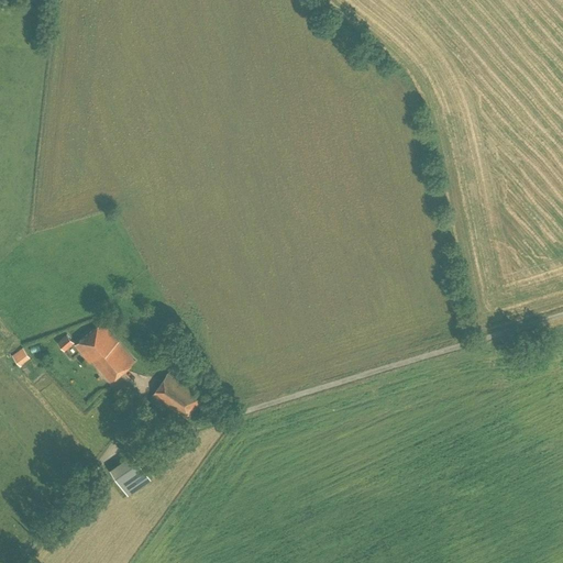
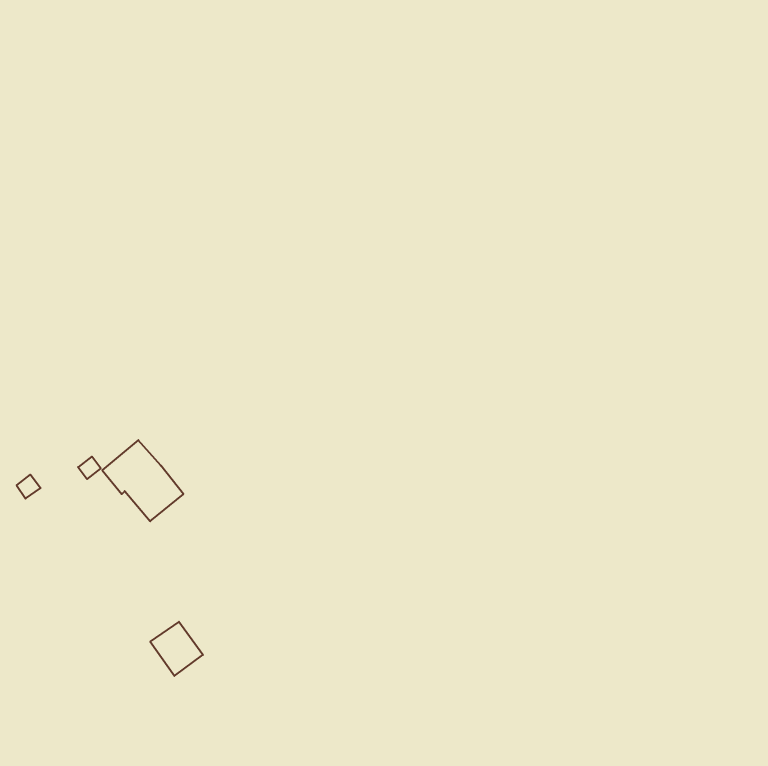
building: [153,375,202,420] -> none

